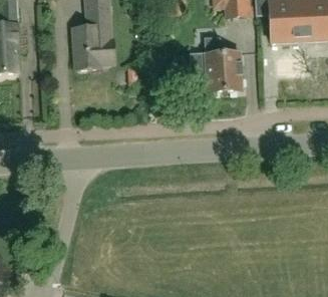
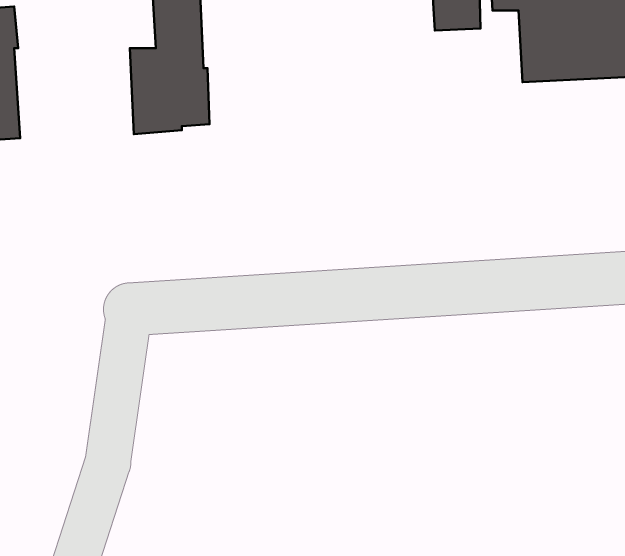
building: [192,37,241,92] -> none

